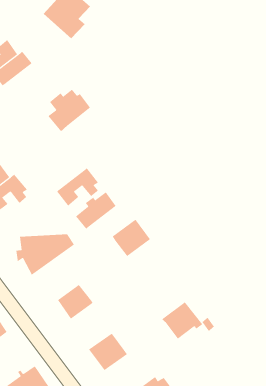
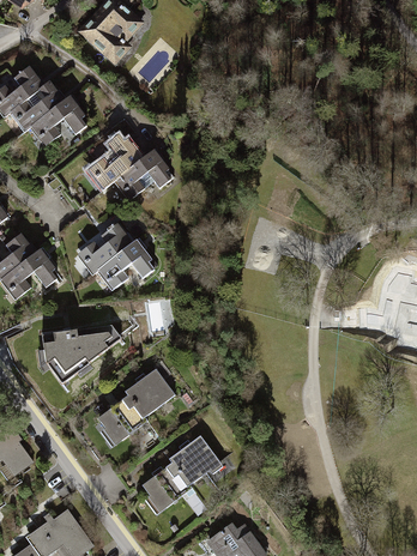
building: none -> [26,93,85,147]
building: none -> [111,150,169,201]
building: [75,192,117,230] -> [77,224,133,276]
building: [112,219,151,257] -> [123,368,176,419]
building: [161,301,203,339] -> [167,435,223,487]

